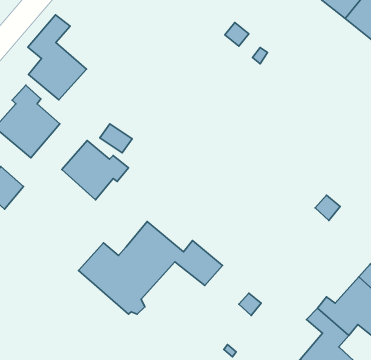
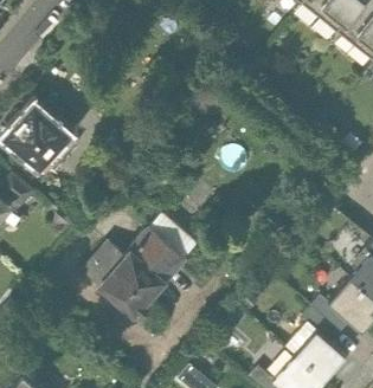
building: [28,15,86,100] -> none
building: [62,141,128,200] -> none

